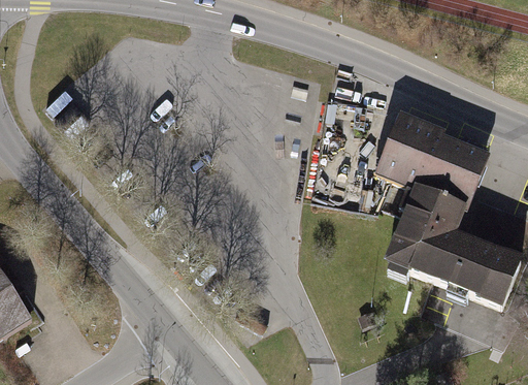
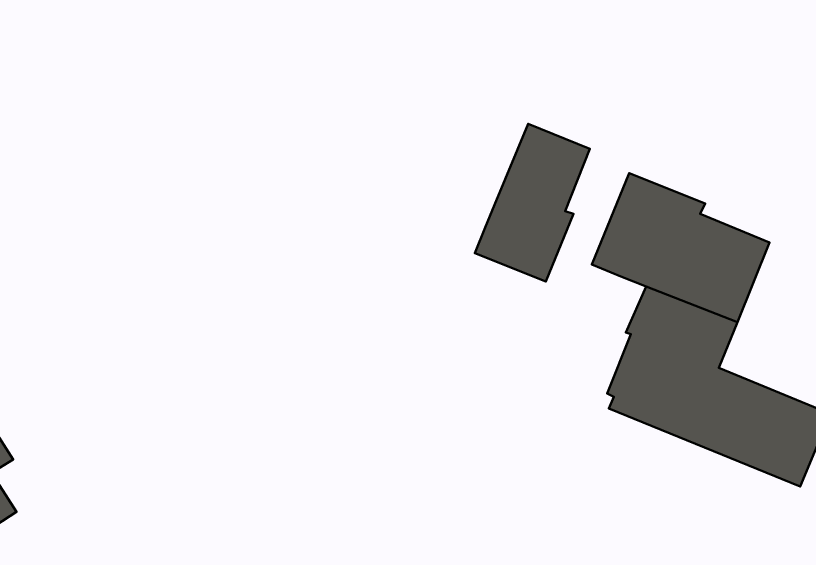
building: none -> [475,124,590,282]

